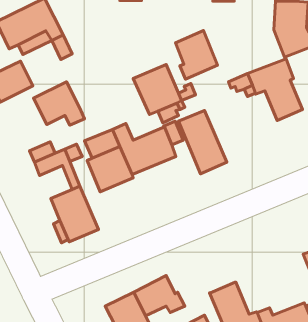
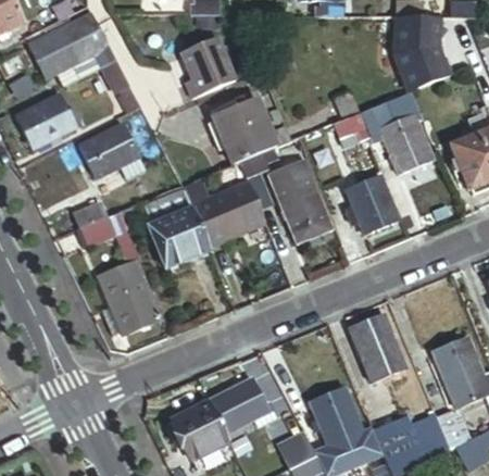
building: [176,31,218,79] -> [179,35,235,99]
building: none -> [343,174,399,234]
building: none -> [350,314,406,380]

